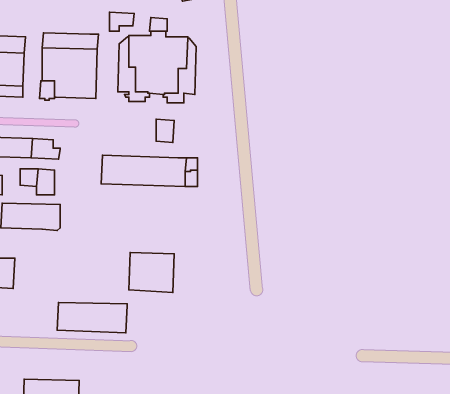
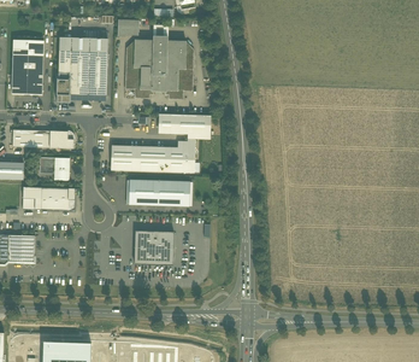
building: none -> [172,113,210,134]
building: [57,303,127,333] -> [128,179,189,205]

